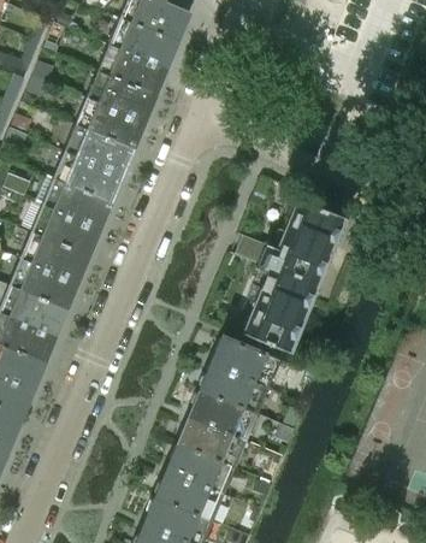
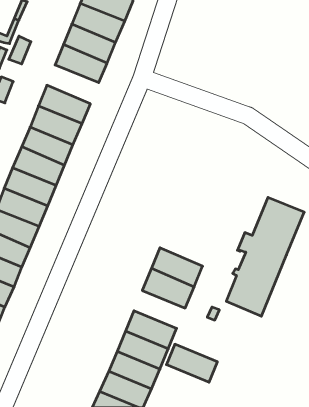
building: [77,98,144,148] -> none
building: [244,197,345,352] -> [226,197,304,316]
building: [190,390,256,439] -> [166,344,217,382]

